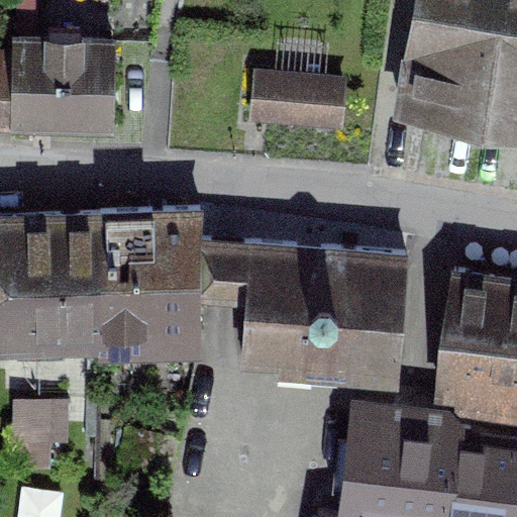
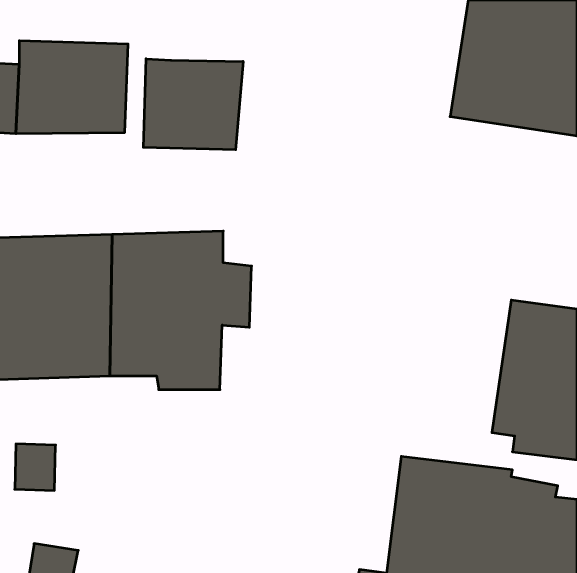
building: none -> [143,59,243,150]
building: [252,69,342,125] -> none
building: [222,242,406,375] -> none

